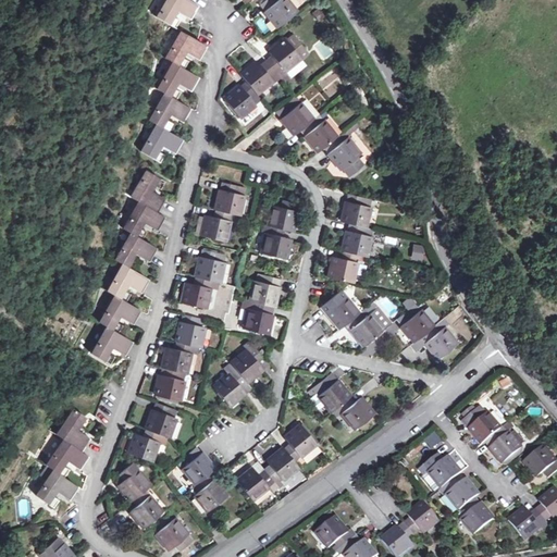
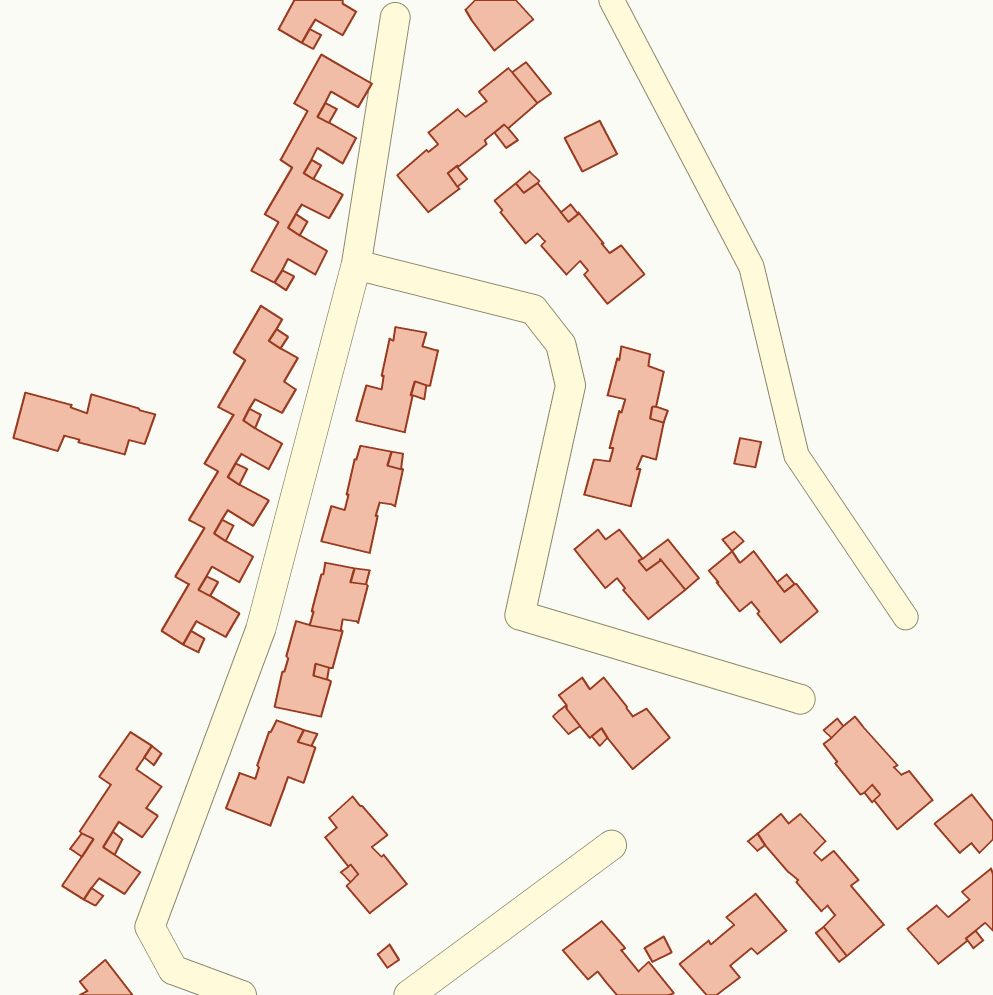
building: [260,199,298,259] -> none
building: none -> [14,393,155,455]
building: [240,275,281,335] -> none
building: [213,345,269,407] -> none
building: [235,422,317,499] -> none
building: [116,462,163,528] -> none
building: [153,519,190,550] -> none

